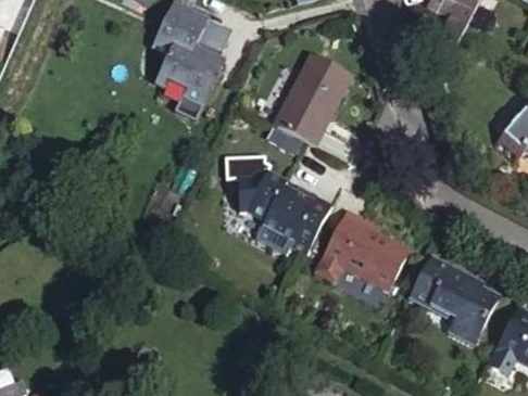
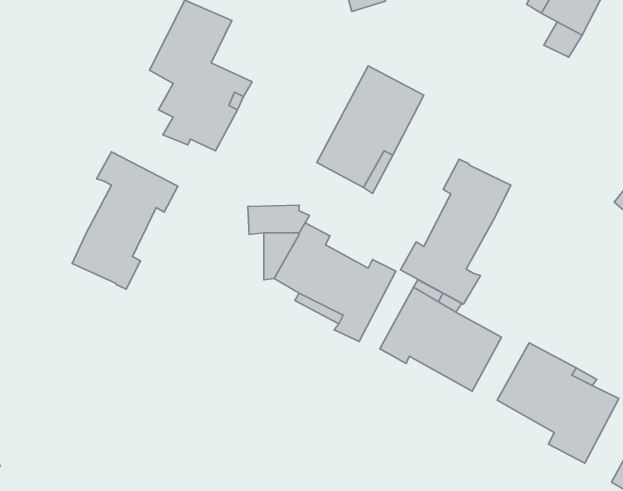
building: [194,17,236,61] -> none
building: none -> [72,152,178,289]
building: none -> [401,159,511,304]

